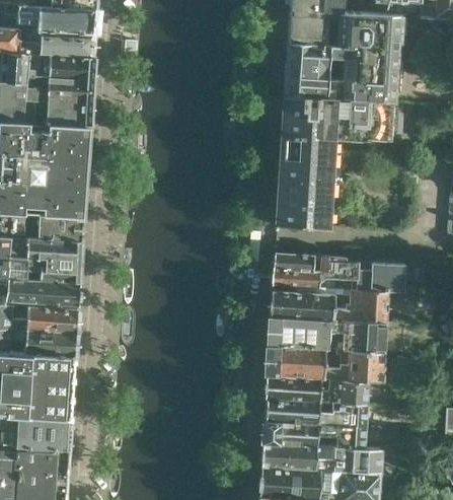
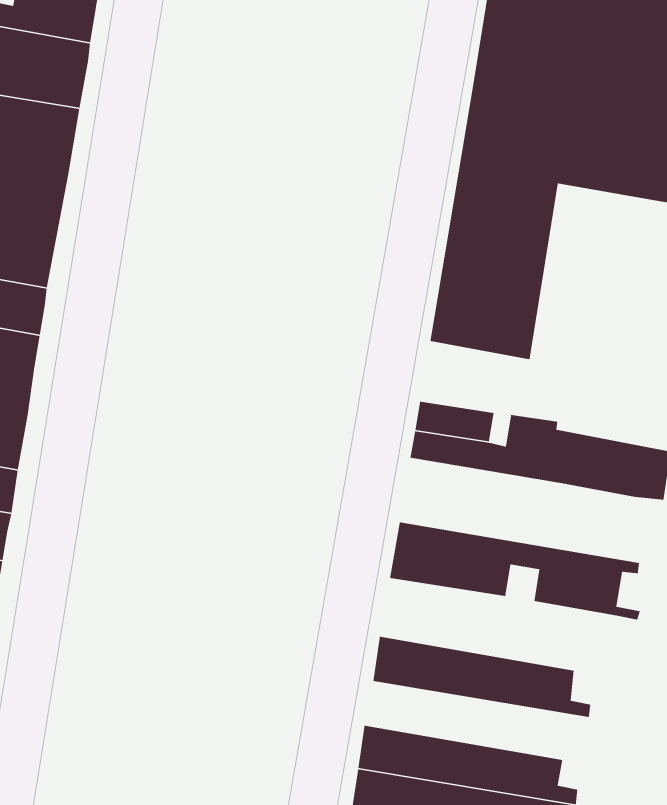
building: [272,288,400,324] -> none
building: [268,345,386,382] -> none
building: [265,398,384,428] -> none

